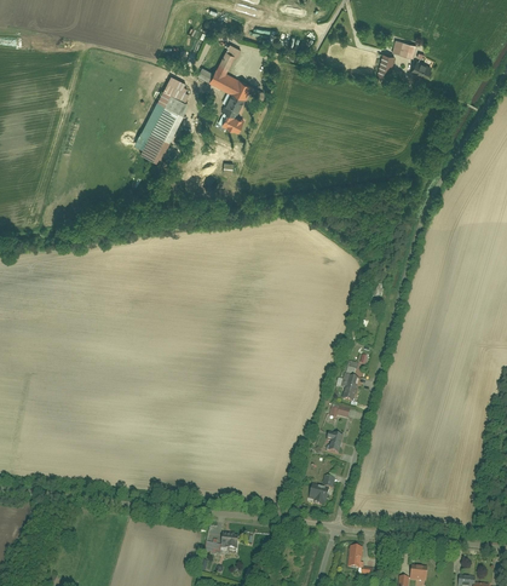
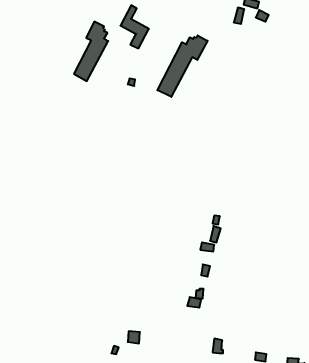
building: none -> [157,35,208,97]

